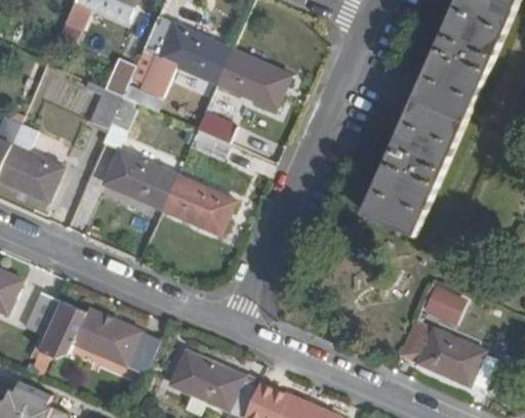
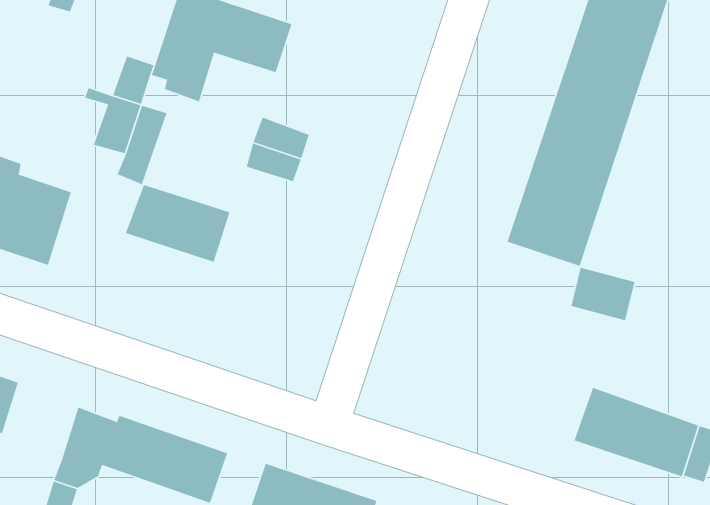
building: [216,50,290,110] -> none
building: [162,175,235,235] -> none
building: [422,285,469,325] -> [570,267,635,321]
building: [26,290,59,334] -> none

